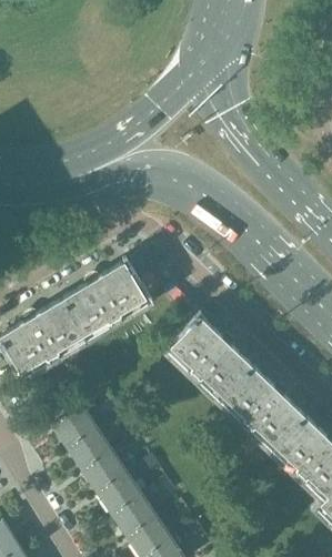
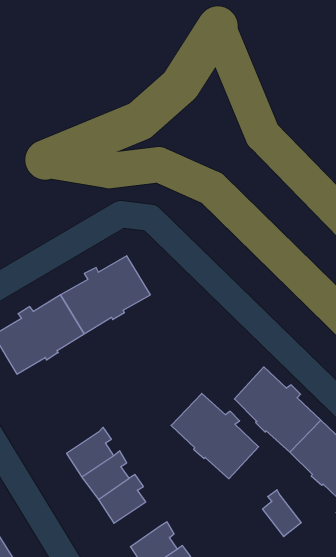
building: [170,320,252,399] -> [171,393,259,479]
building: [51,405,97,450] -> none
building: none -> [263,490,301,537]
building: [111,493,155,538] -> none

